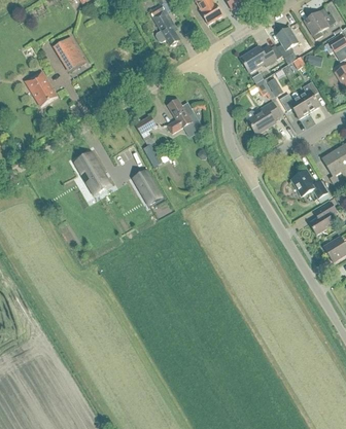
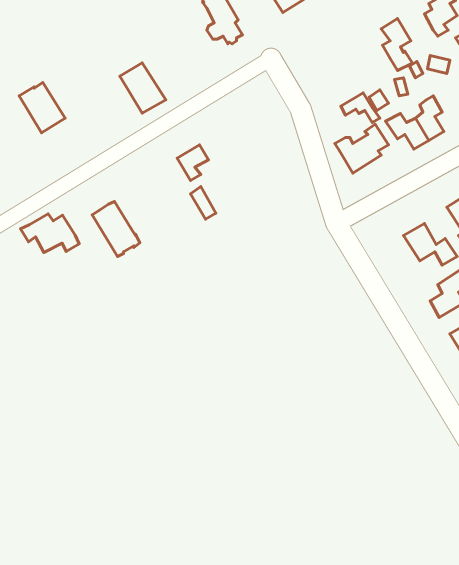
building: [55,37,86,72] -> [120,63,166,113]
building: [240,44,282,72] -> none
building: [168,99,195,134] -> none
building: none -> [21,214,79,252]
building: [134,171,163,205] -> none

